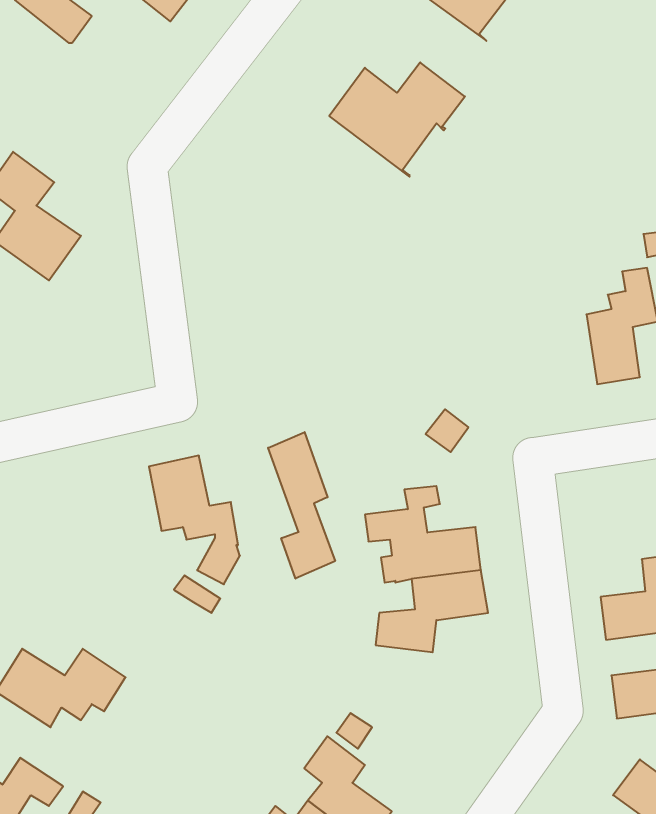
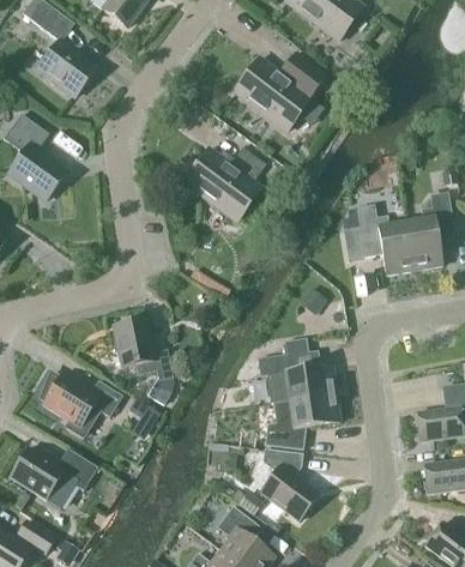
building: none -> [38,41,97,97]
building: none -> [183,147,265,221]
building: none -> [344,204,413,275]
building: [268,432,335,579] -> none
building: none -> [38,369,122,440]
building: none -> [260,448,319,520]

